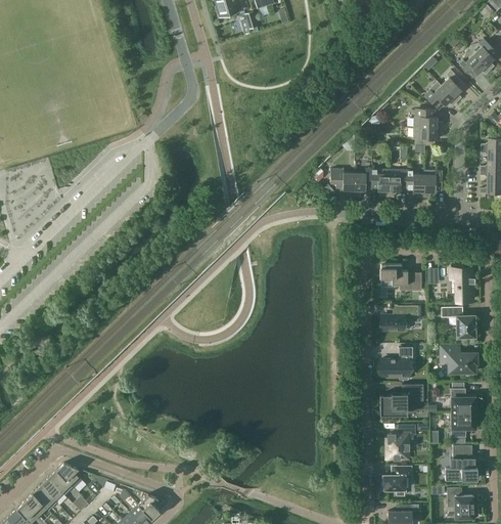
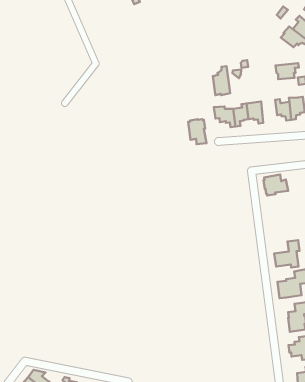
building: [414,111,444,129] -> none
building: none -> [213,66,230,95]
building: [390,170,408,198] -> none
building: none -> [188,119,206,144]
building: [382,306,419,330] -> none

